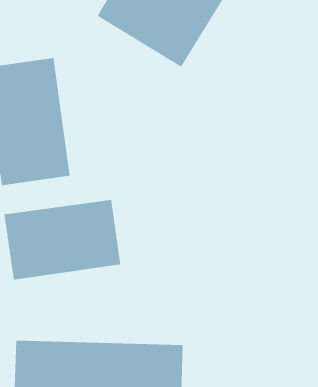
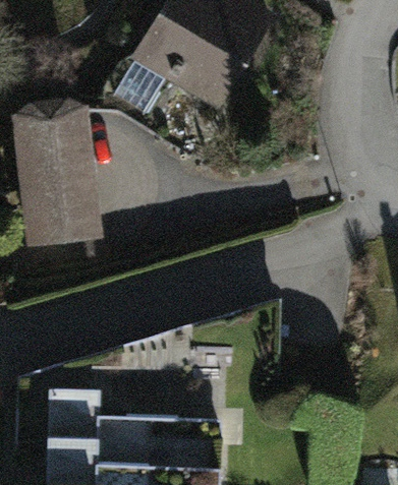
building: [4,199,121,280] -> none

